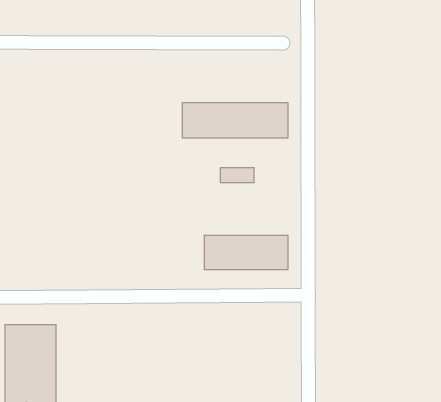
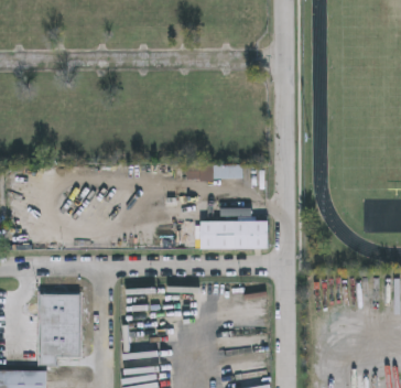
building: [182,103,288,138] -> none

